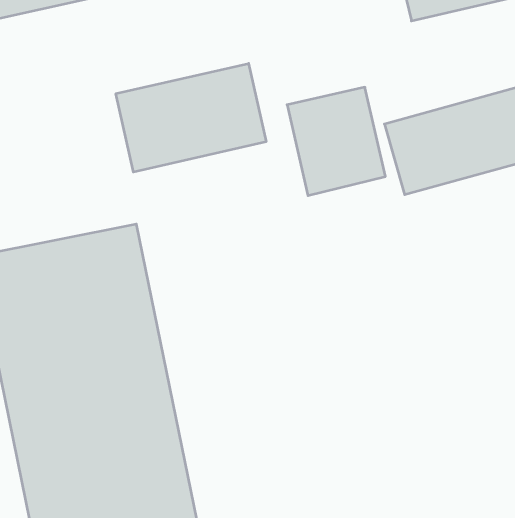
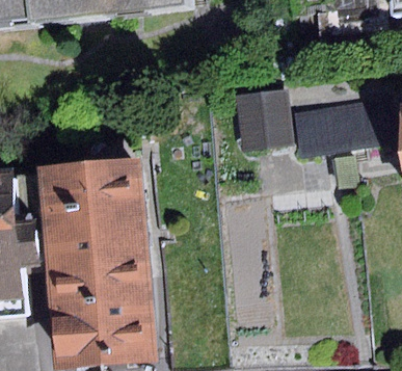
building: [116,63,266,172] -> none

